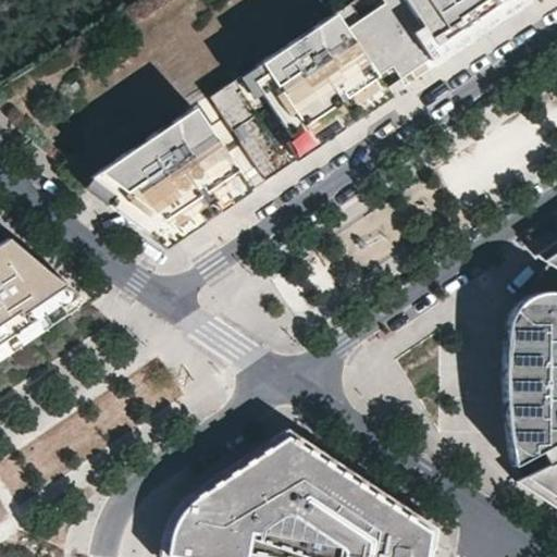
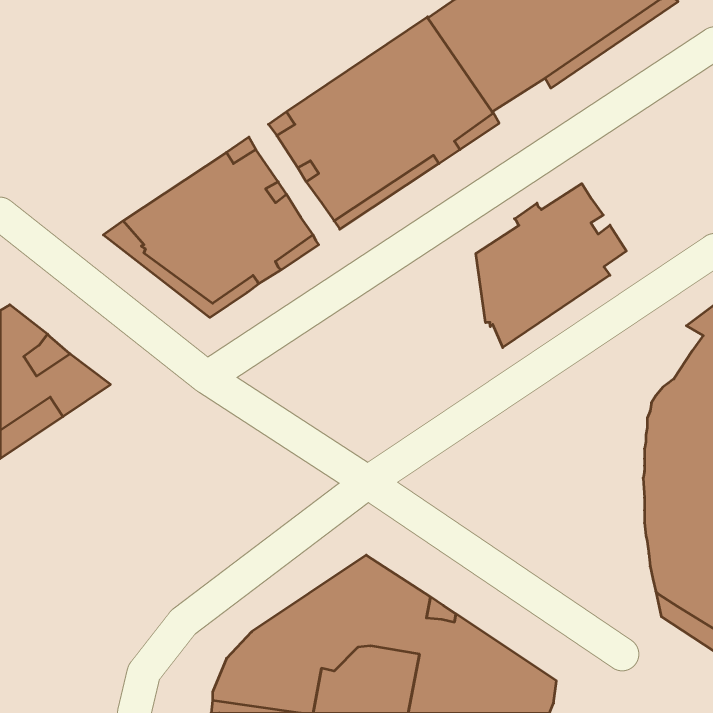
building: none -> [476,184,626,348]

